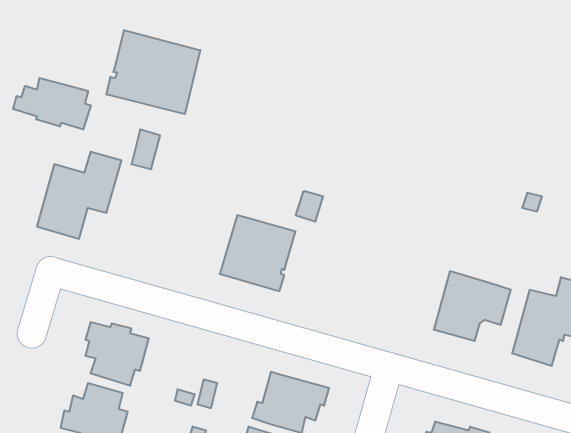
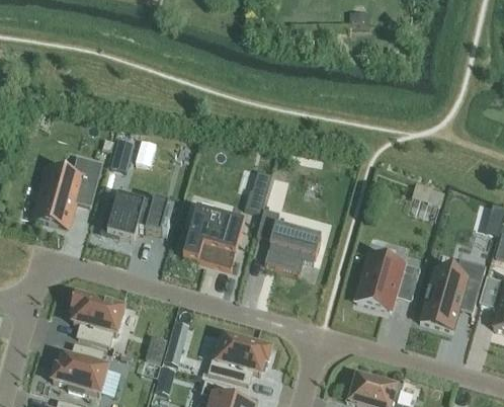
building: [106,30,200,114] -> none
building: [13,78,91,130] -> none
building: none -> [106,193,169,239]
building: none -> [256,209,321,272]

